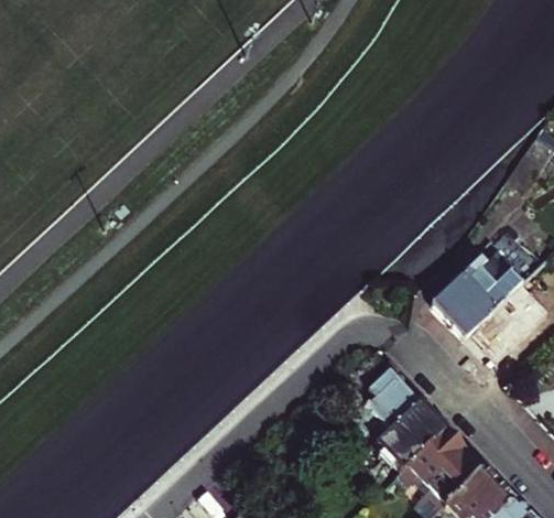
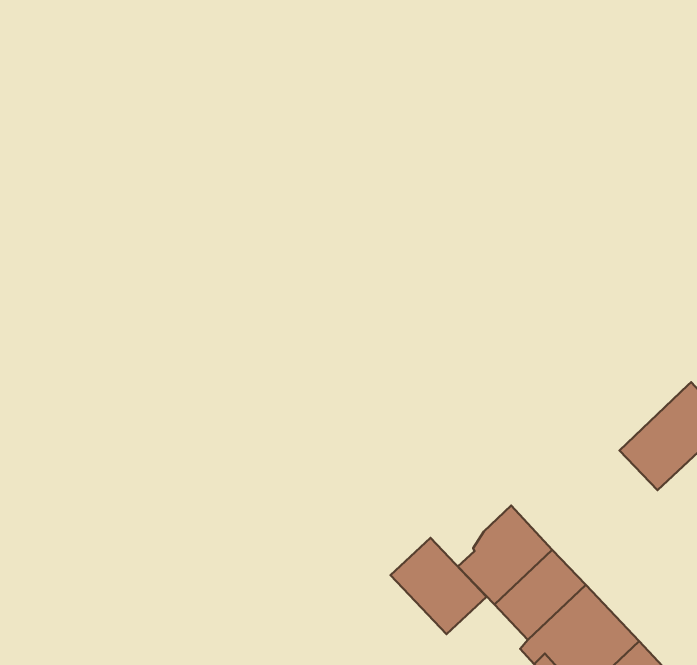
building: [433,253,520,338] -> none
building: none -> [391,538,486,634]

